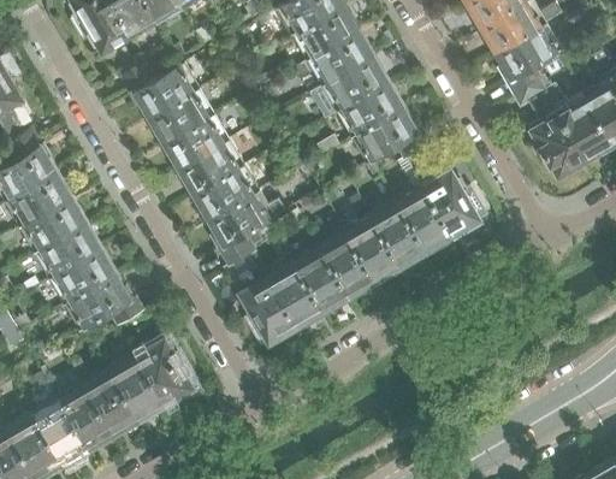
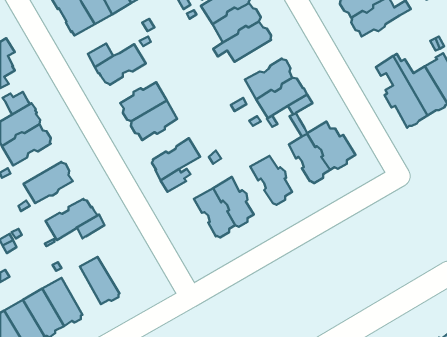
building: [497,24,591,95] -> none
building: [322,58,387,112] -> none
building: [152,90,215,144] -> none
building: [195,166,260,221] -> none
building: [19,200,87,255] -> none
building: [371,201,426,268] -> none
building: [319,231,375,298] -> none
building: [49,252,116,306] -> none
building: [241,276,297,348] -> none
building: [135,342,194,406] -> none
building: [85,368,140,434] -> none

